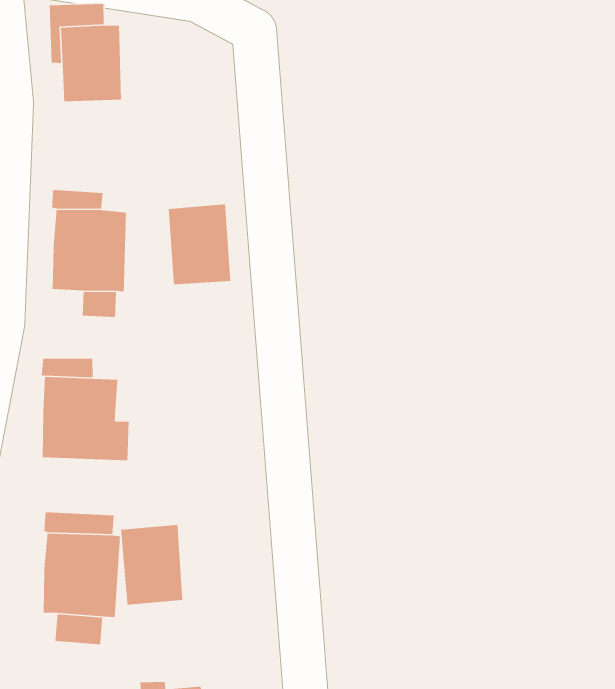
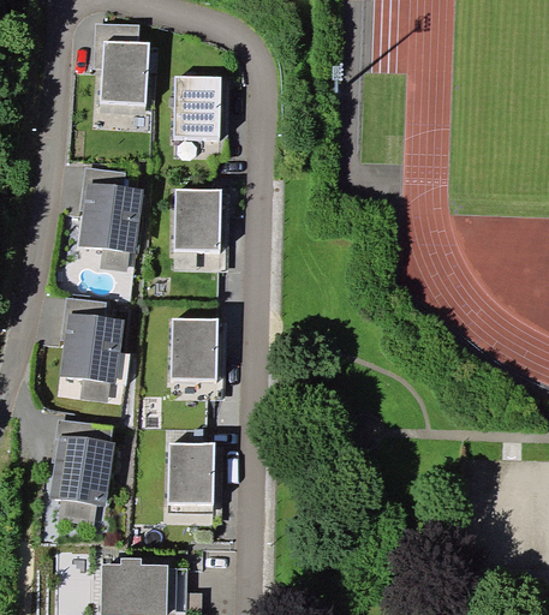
building: none -> [173,77,220,138]
building: none -> [171,320,217,381]
building: [120,524,183,606] -> [168,444,214,504]

